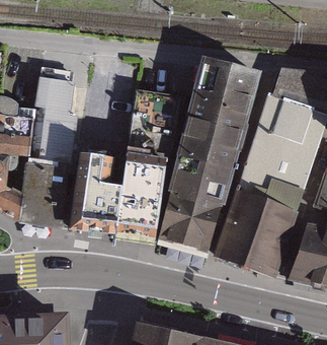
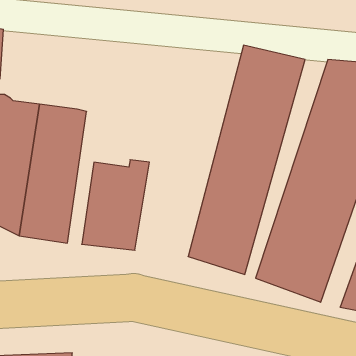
building: [35,67,73,113] -> none
building: [115,91,179,237] -> none

